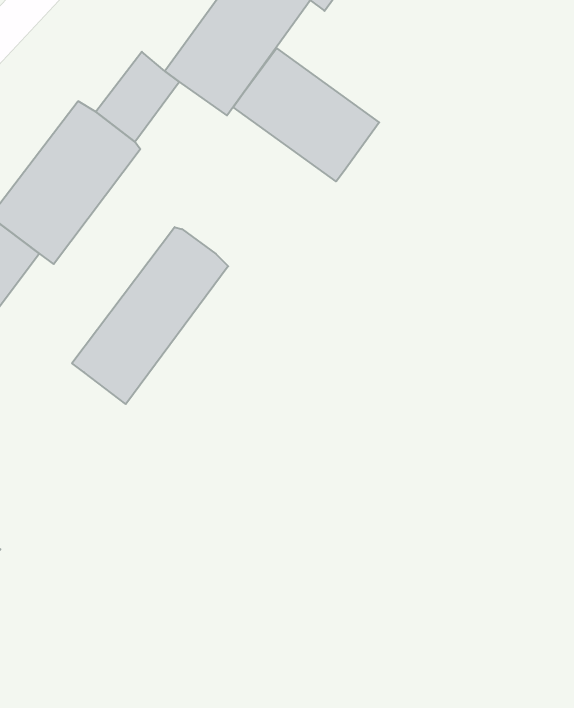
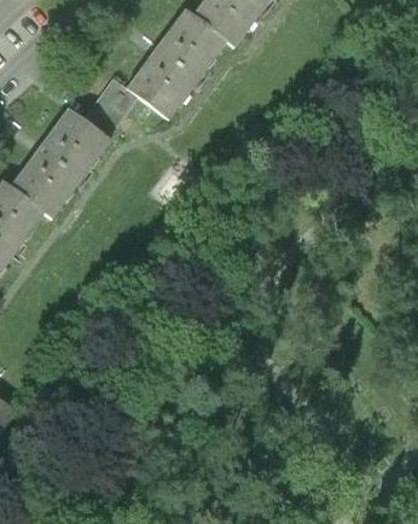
building: [233,48,379,181] -> none
building: [72,227,228,404] -> none

